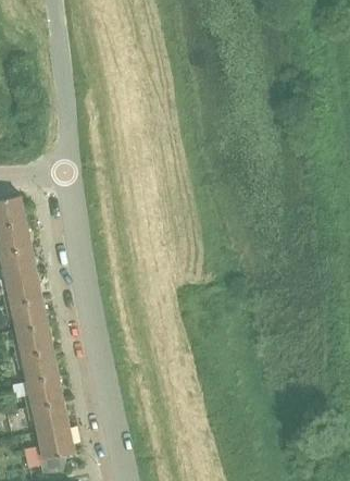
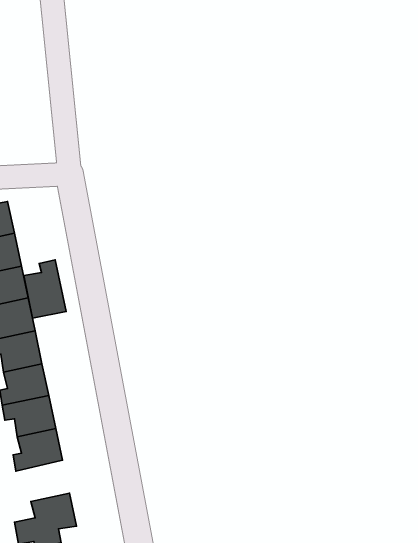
building: none -> [24,260,66,318]
building: [26,400,68,433] -> none

